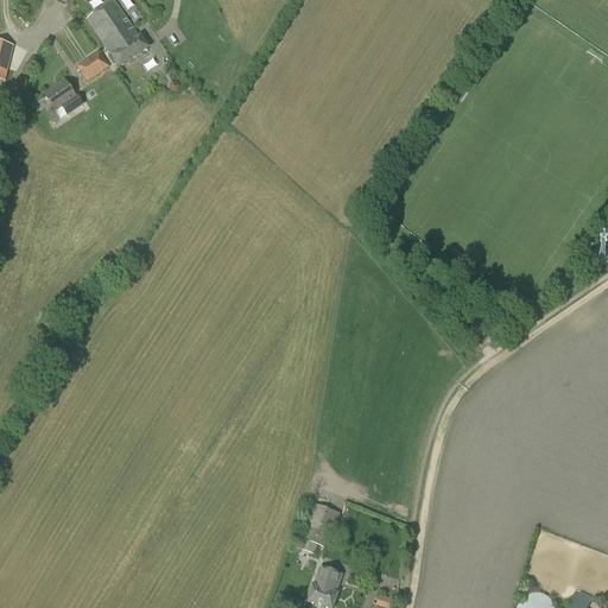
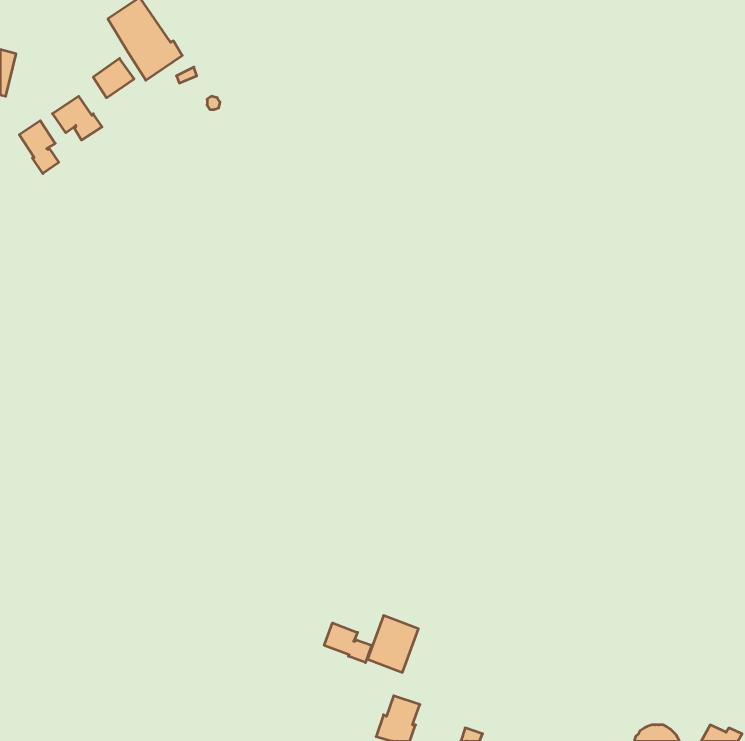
building: none -> [19,121,59,174]
building: none -> [324,623,371,663]

